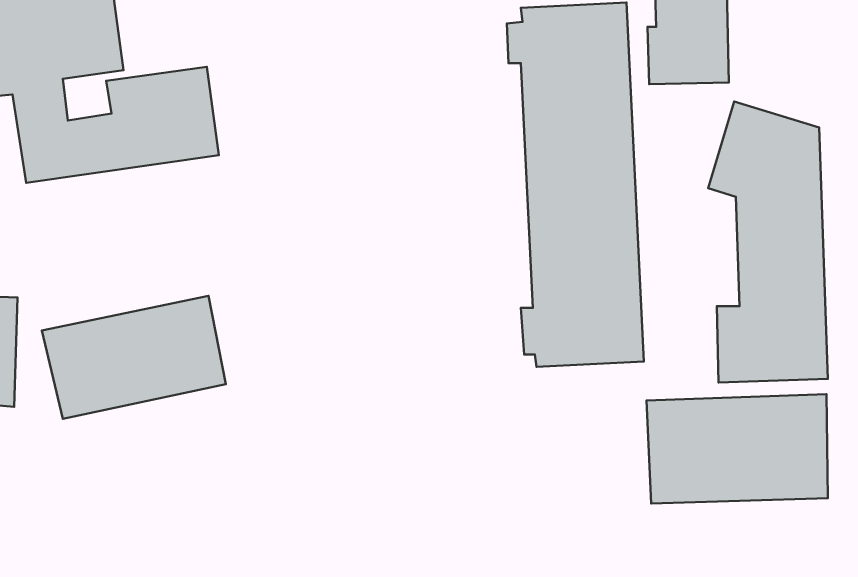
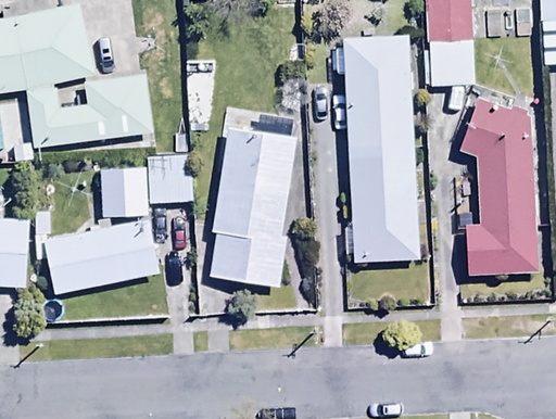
building: none -> [208,111,296,288]
building: none -> [101,155,194,217]
building: [646,394,828,503] -> none

